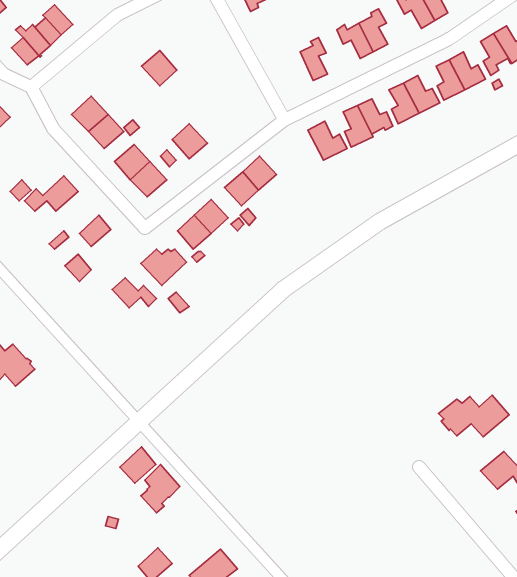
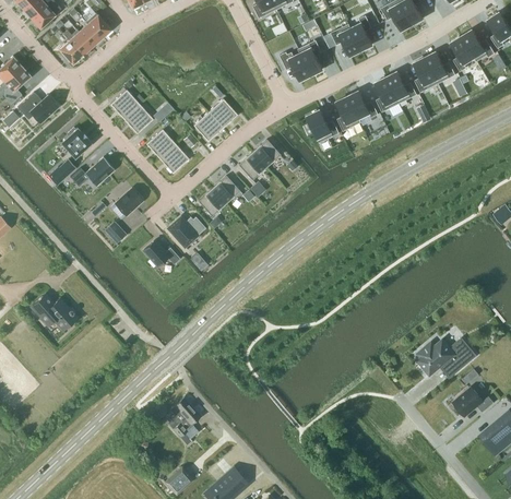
building: [141,50,177,86] -> [207,98,237,128]
building: none -> [281,51,311,82]
building: none -> [60,126,92,158]
building: [120,447,156,483] -> none

